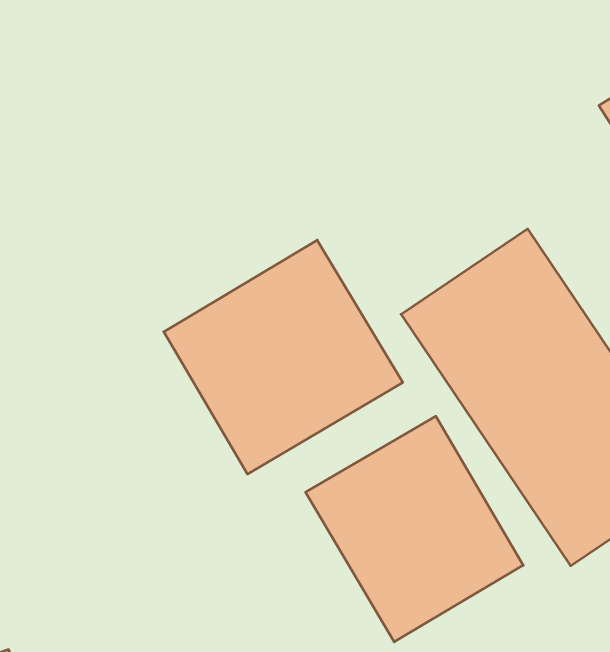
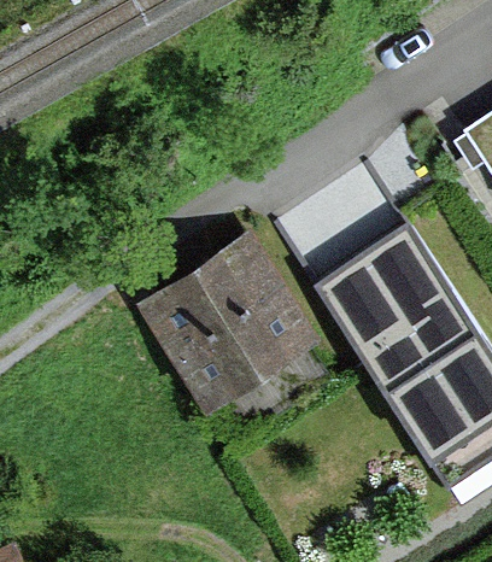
building: [306,416,523,642] -> none

